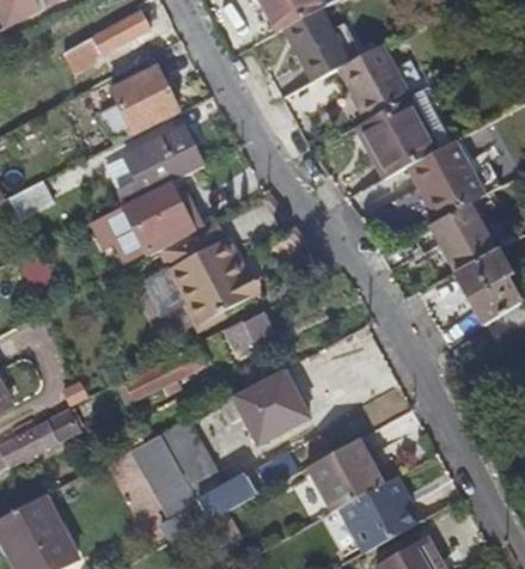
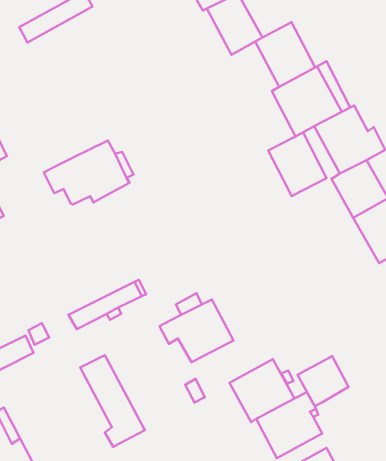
building: [110,66,178,133] -> none
building: [118,126,202,203] -> none
building: none -> [268,133,327,196]
building: [145,221,252,322] -> none
building: [227,311,276,354] -> none
building: [164,417,263,519] -> none
building: none -> [298,356,349,406]

